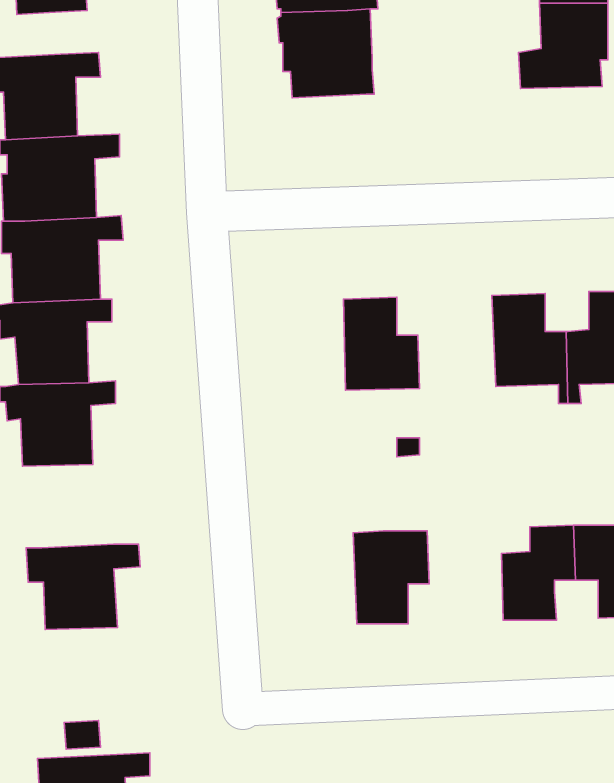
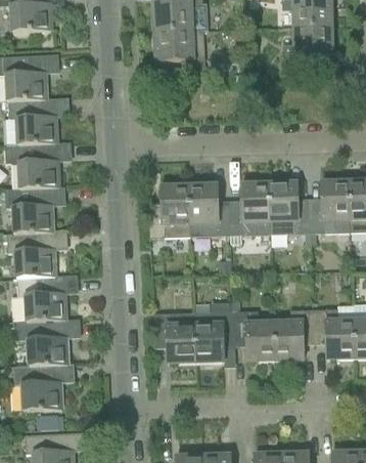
building: none -> [229,184,271,235]
building: none -> [148,186,190,238]
building: none -> [16,275,78,321]
building: none -> [234,310,275,361]
building: none -> [153,312,196,363]
building: none -> [13,363,74,410]

